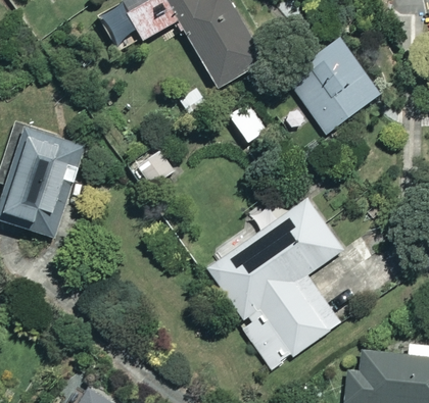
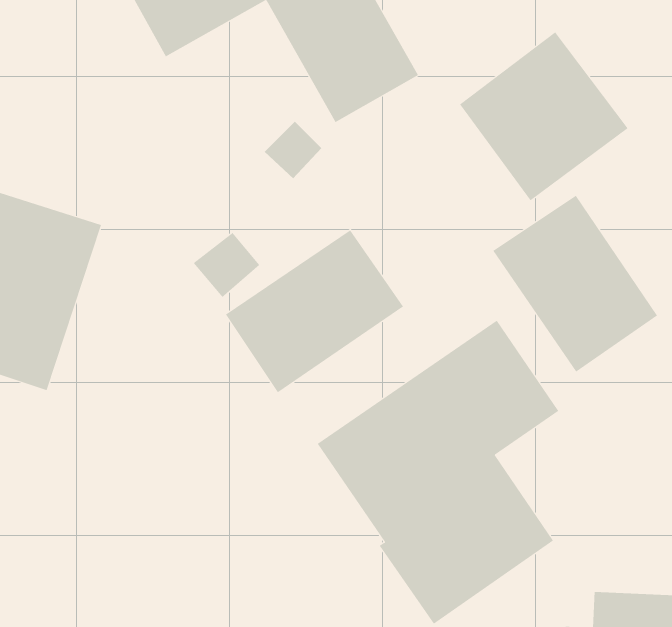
building: none -> [492,195,658,373]
building: none -> [225,229,404,393]

